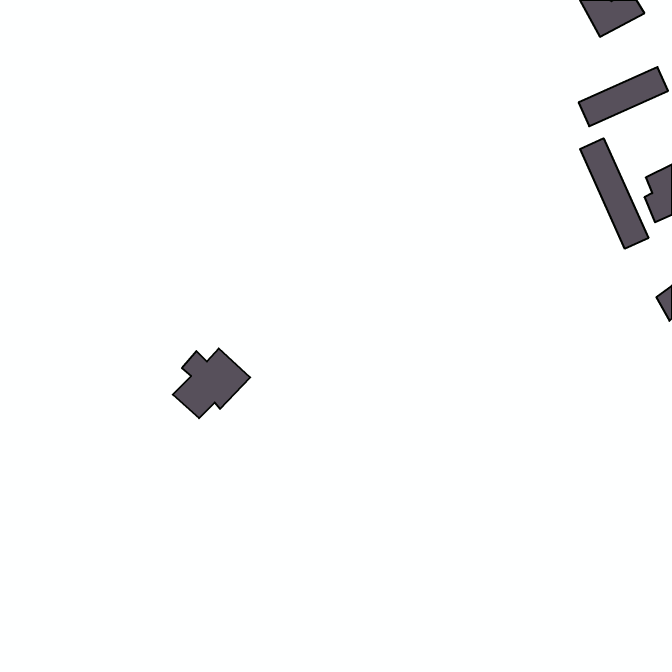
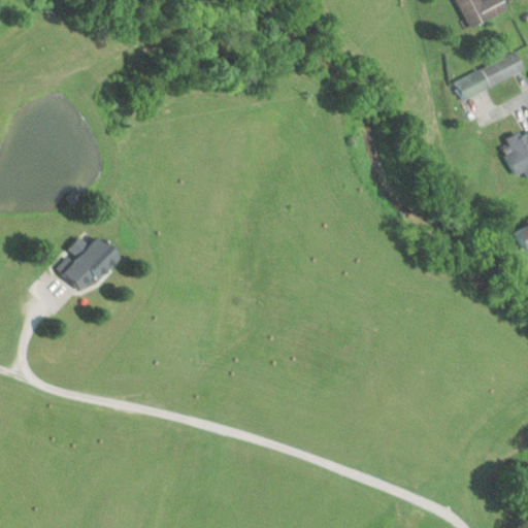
building: [580,138,648,249] -> none
building: [173,348,250,418] -> [61,235,122,290]

